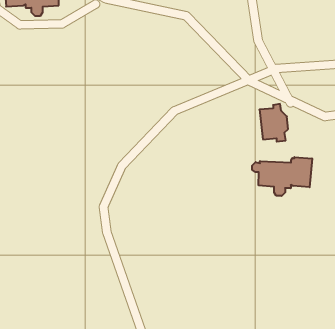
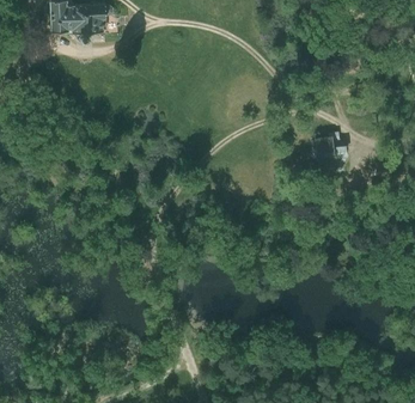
building: [252,157,312,196] -> none

